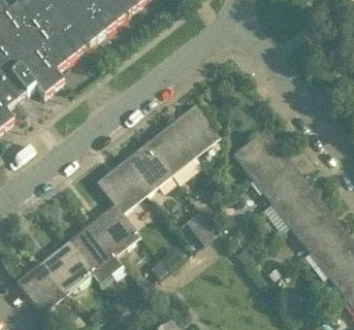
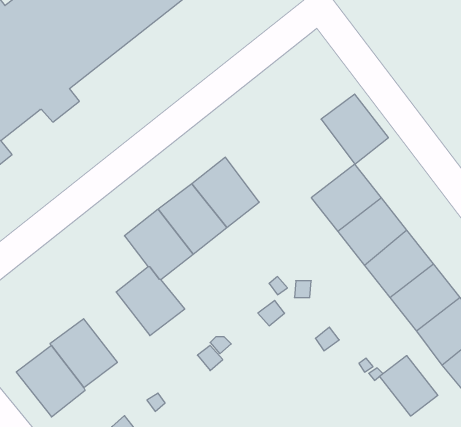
building: [169,103,219,155] -> [321,94,388,164]
building: [65,221,121,282] -> none
building: none -> [380,356,438,416]

